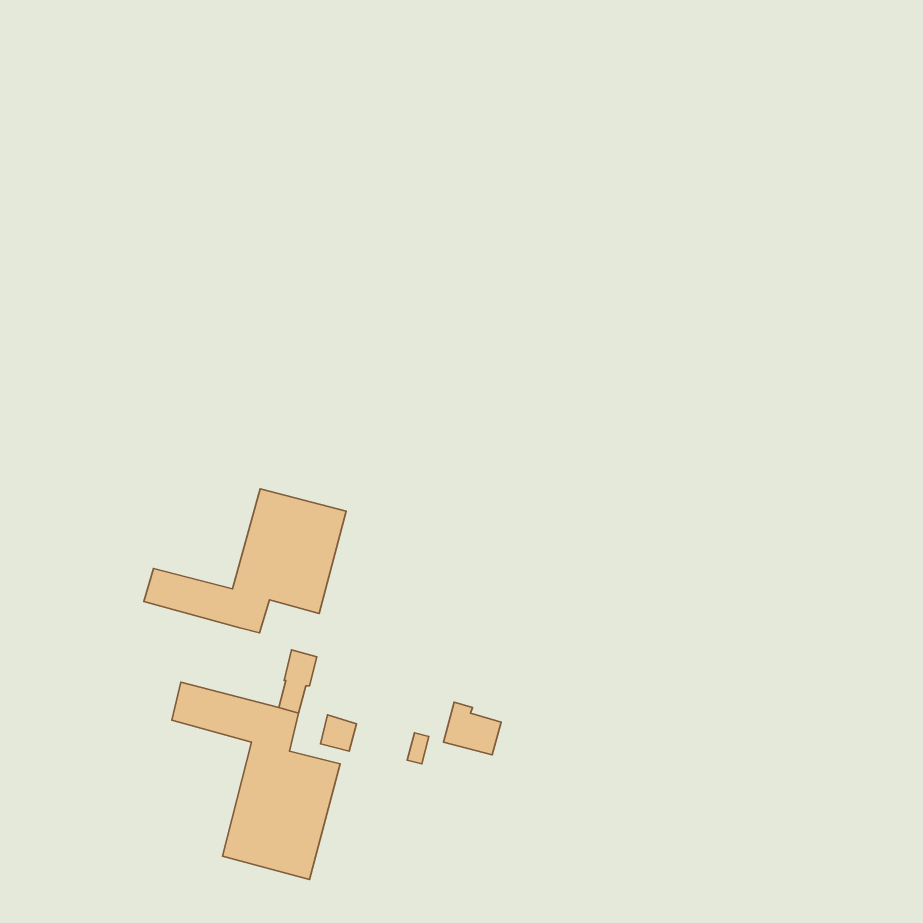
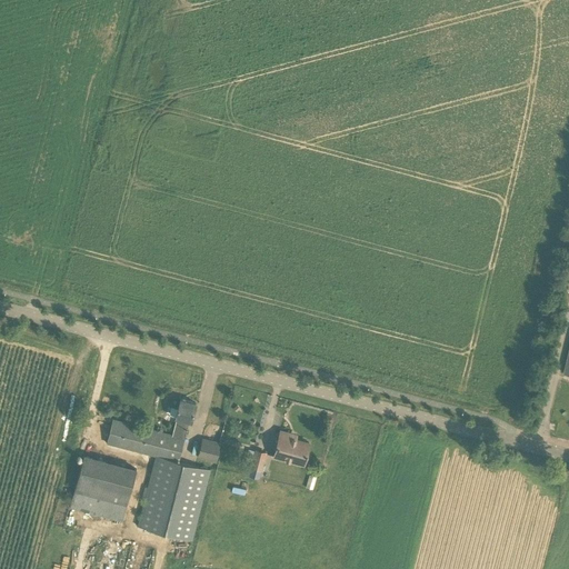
building: [144,489,346,633] -> none
building: none -> [68,457,136,522]

